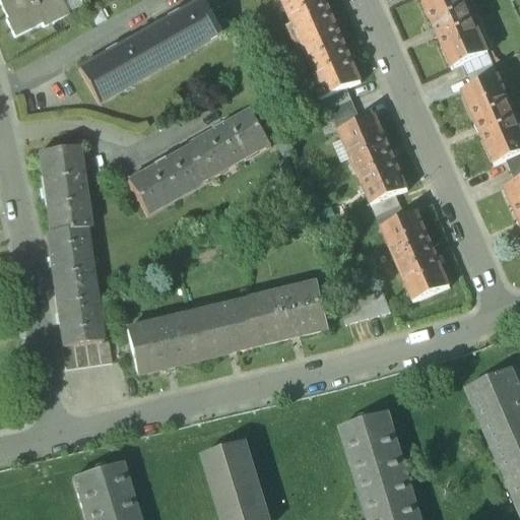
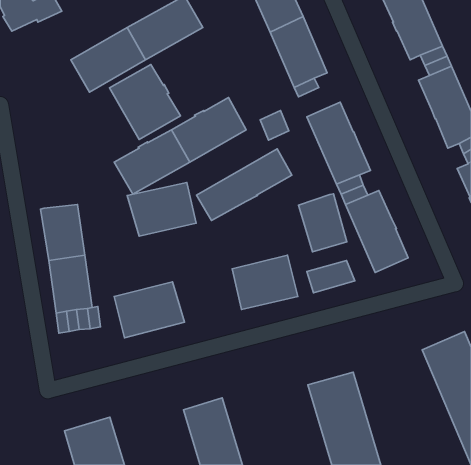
building: none -> [109,64,180,139]
building: [329,96,361,129] -> [260,111,289,140]
building: [38,144,89,230] -> none
building: none -> [196,149,292,221]
building: none -> [298,194,347,252]
building: [190,297,266,355] -> [127,183,196,236]

